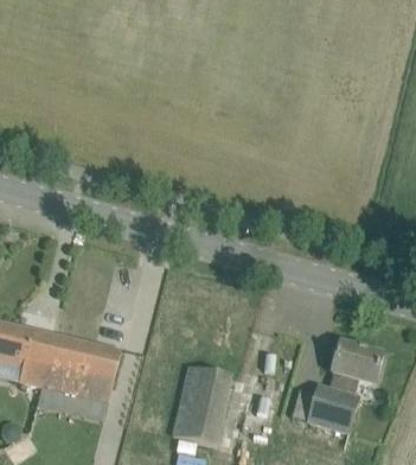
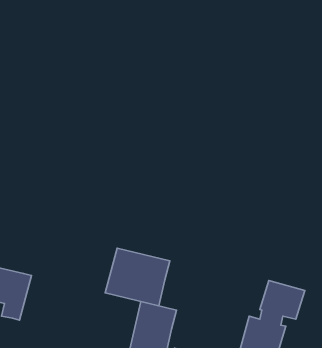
building: [43,333,120,402] -> [105,248,170,306]

